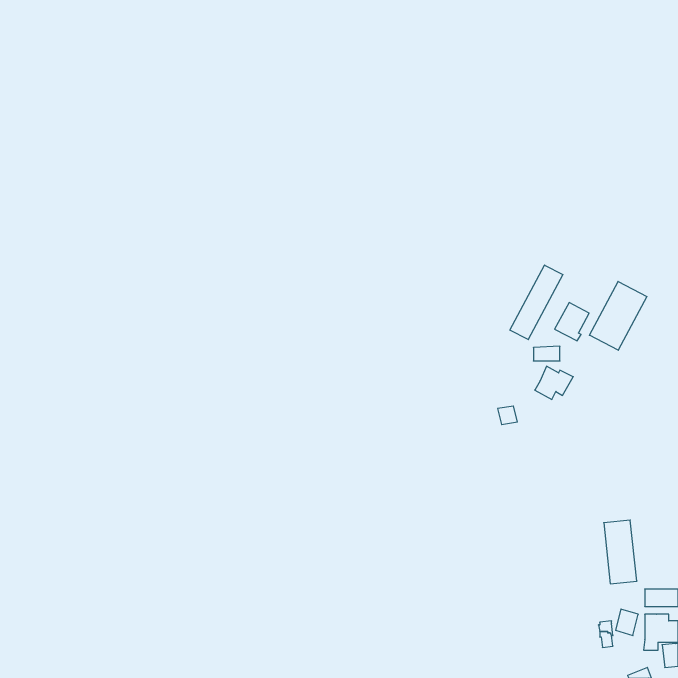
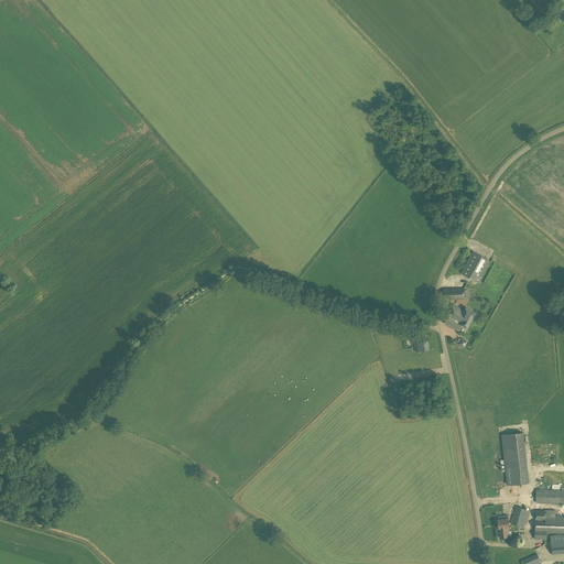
building: [510,265,563,340] -> none
building: [589,281,647,350] -> none

